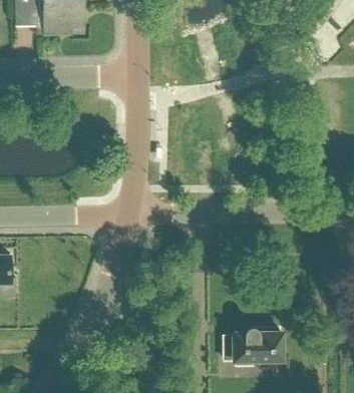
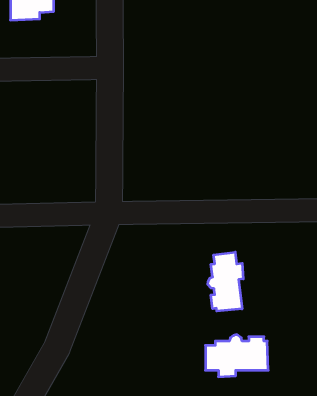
building: none -> [208,252,243,311]

